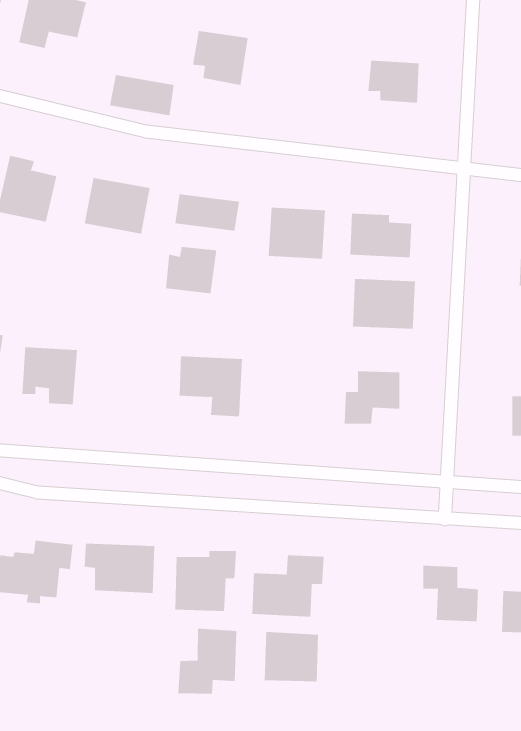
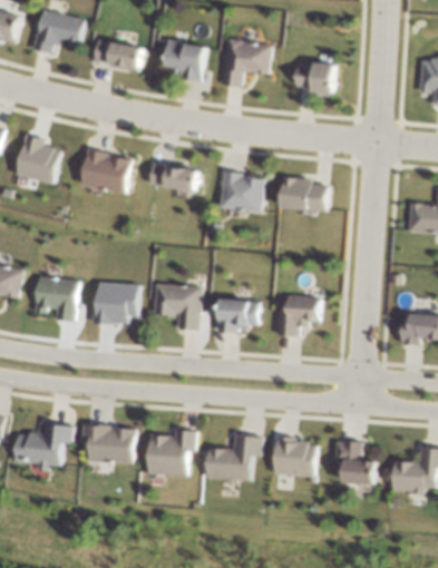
building: none -> [221,40,270,87]
building: [109,74,174,116] -> [93,39,142,70]
building: [166,246,217,294] -> none
building: [352,278,415,330] -> none
building: none -> [94,282,138,324]
building: none -> [217,298,259,332]
building: [178,628,237,695] -> none
building: [264,631,319,682] -> [275,439,317,477]

